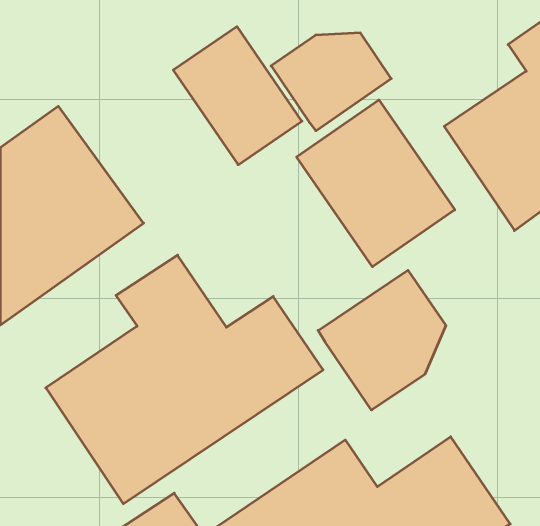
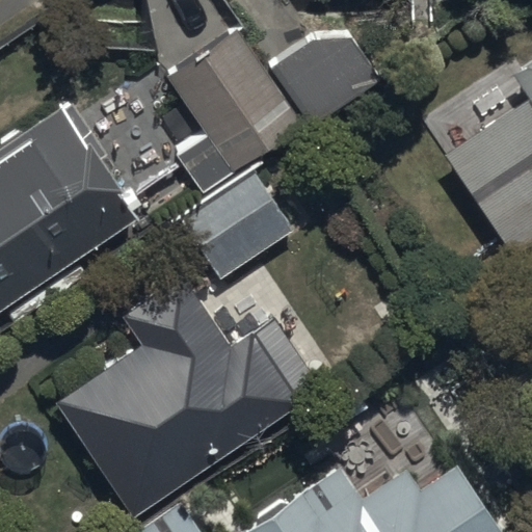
building: [297,100,455,267] -> none
building: none -> [183,186,296,296]
building: [318,270,446,410] -> none

